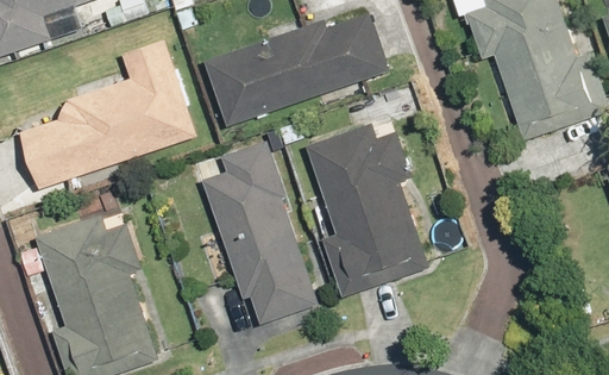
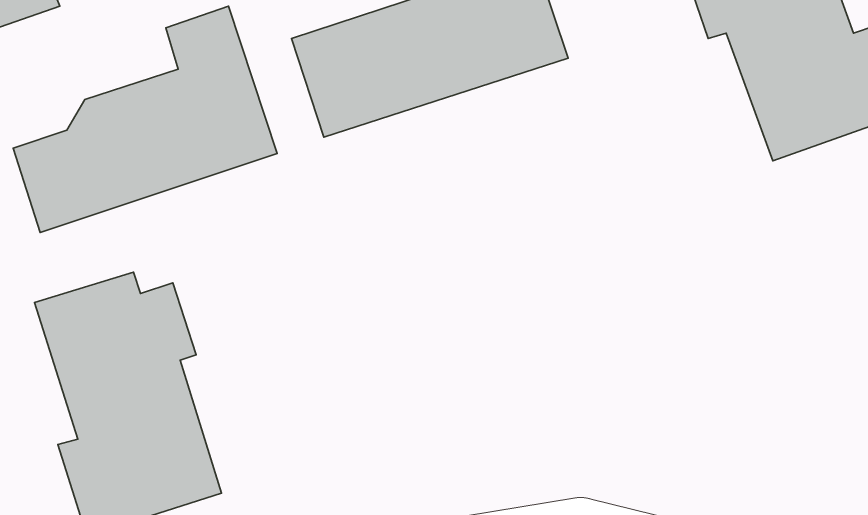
building: [303,120,429,298] -> none
building: [200,140,316,324] -> none

